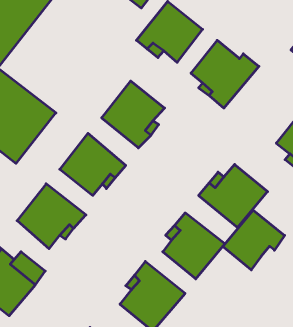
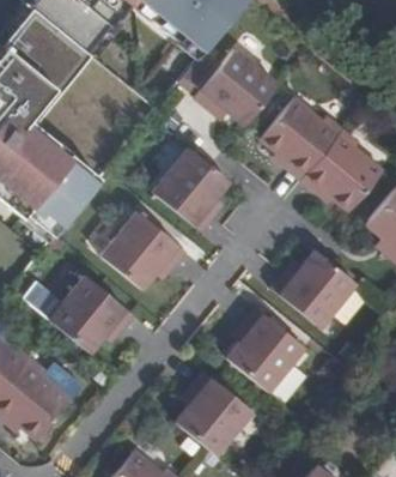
building: none -> [303,128,383,209]
building: [223,210,285,270] -> none

